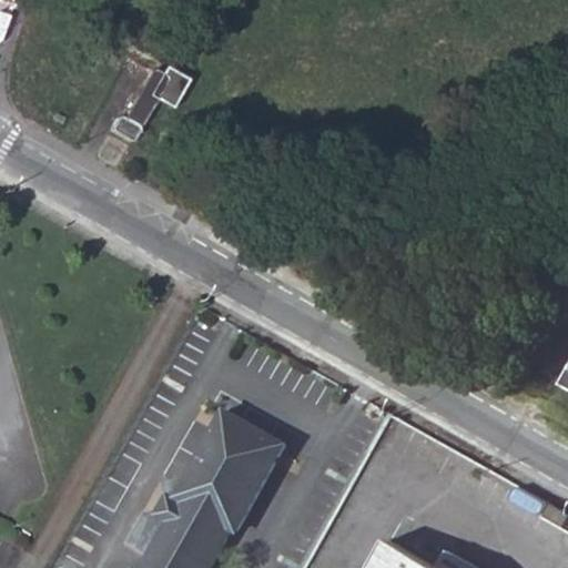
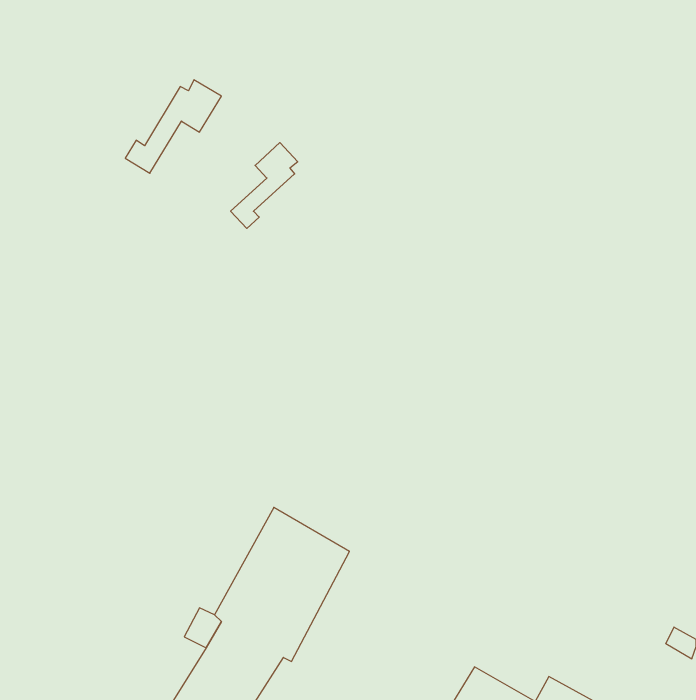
building: none -> [231,143,298,228]

